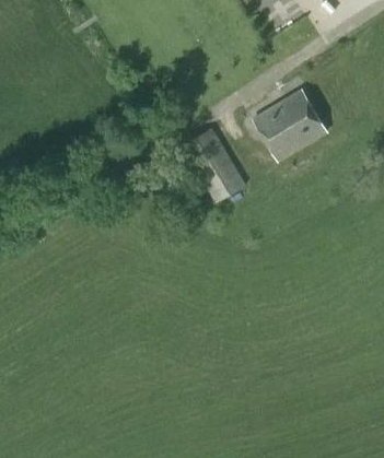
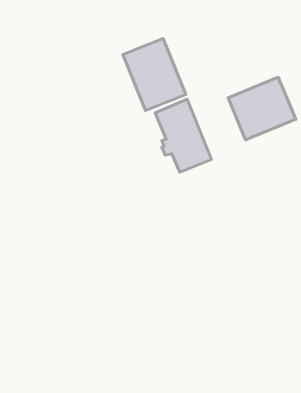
building: none -> [123,38,186,111]

